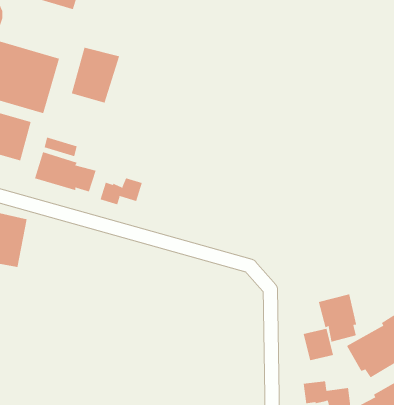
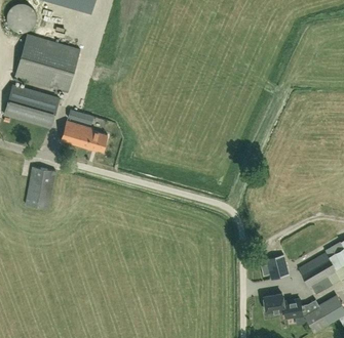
building: [71,47,120,104] -> none
building: [100,178,143,205] -> none
building: [318,294,357,342] -> none

